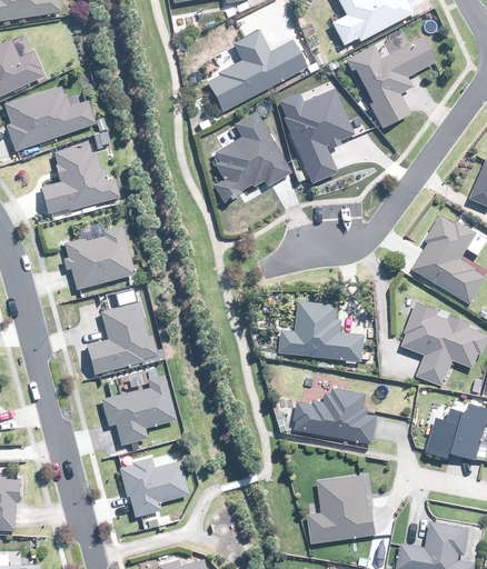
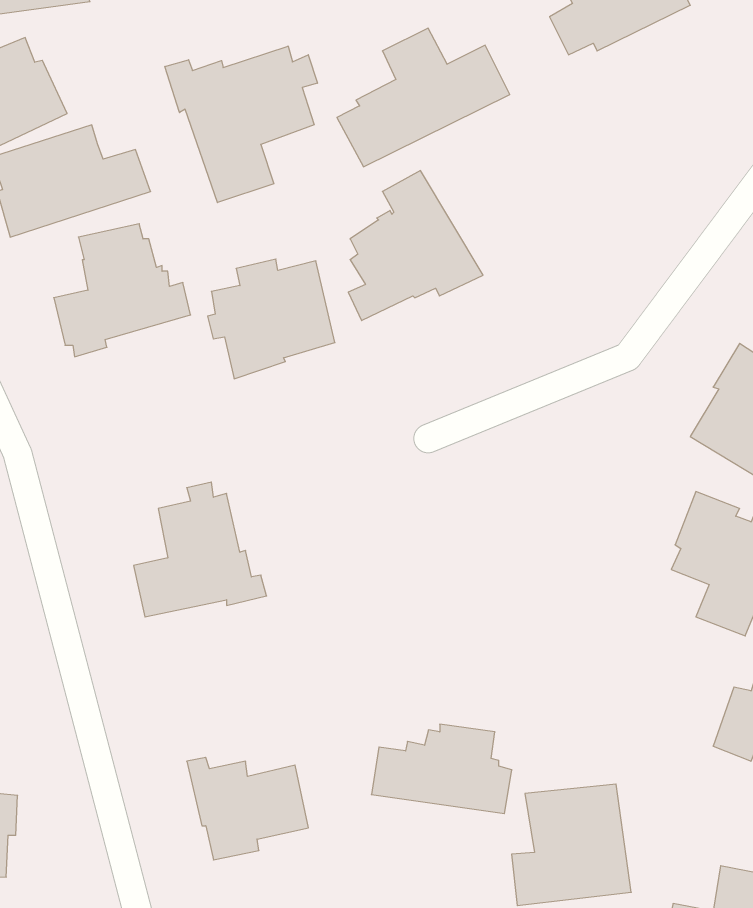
building: [346,31,435,128] -> none
building: none -> [165,46,317,203]
building: [278,89,352,183] -> none
building: [61,226,136,296] -> [208,259,335,379]
building: [278,300,368,362] -> none
building: [101,369,178,445] -> none
building: [294,389,376,441] -> [371,724,512,814]

